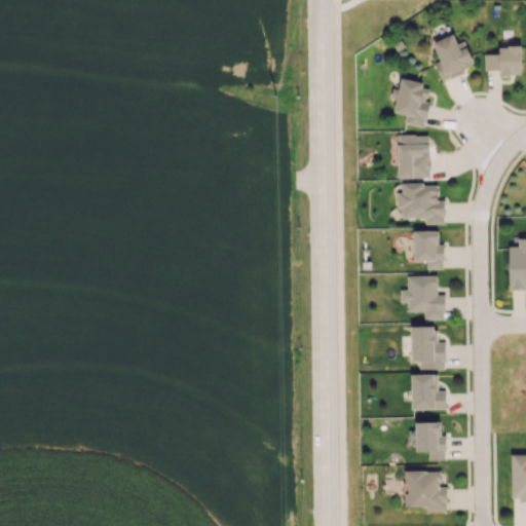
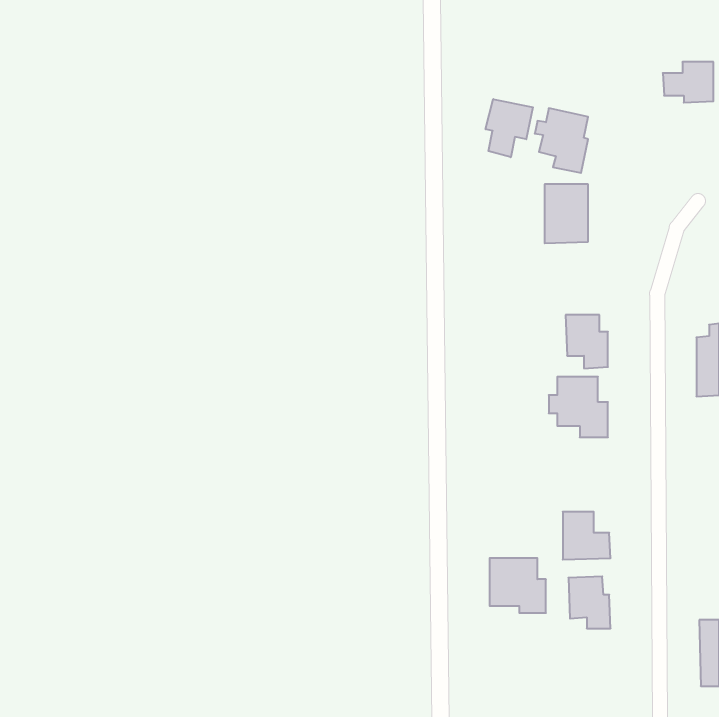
building: [433,35,473,81] -> none
building: none -> [486,99,533,157]
building: [397,184,445,225] -> none
building: [411,327,445,370] -> none
building: [405,472,446,512] -> [490,558,546,613]

